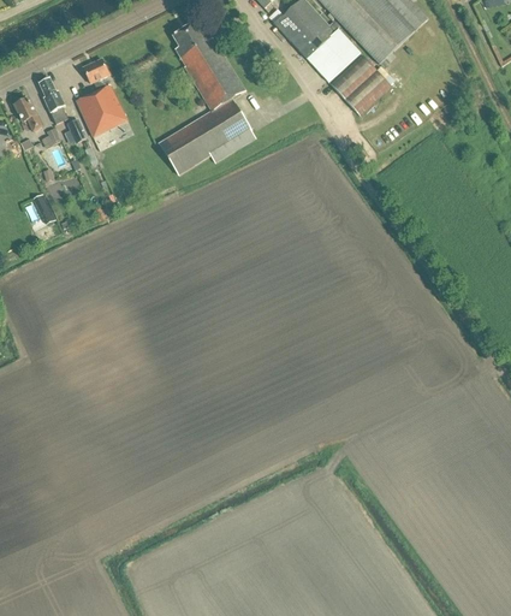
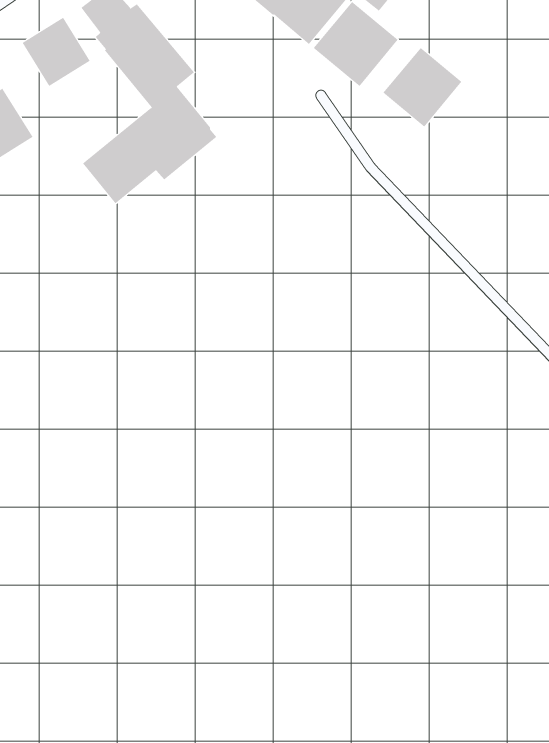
building: none -> [22,17,91,87]
building: none -> [383,47,462,128]

